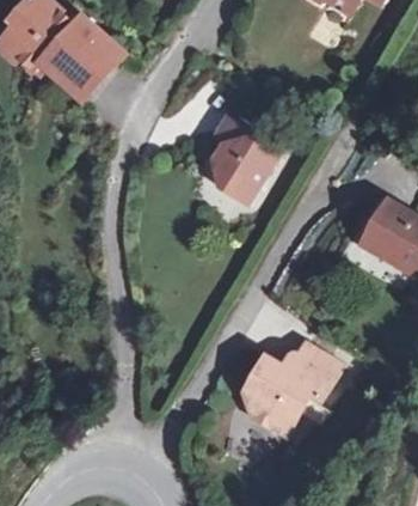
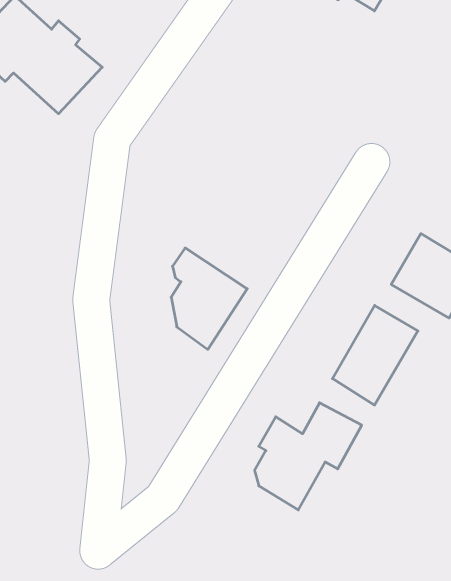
building: [213,117,277,203] -> [171,248,247,349]
building: none -> [332,305,418,405]

